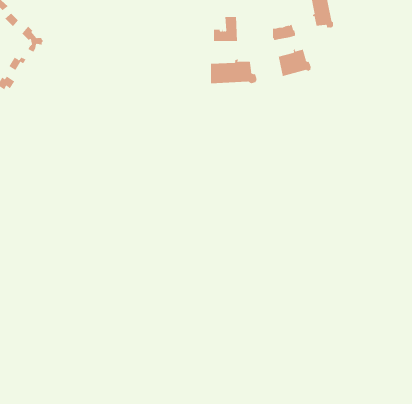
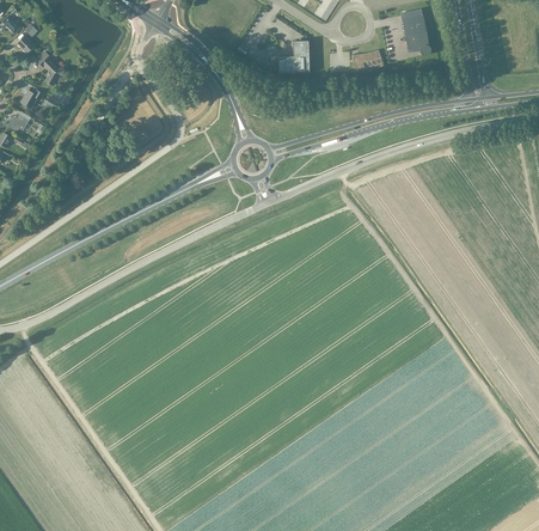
building: [278,48,311,77] -> none
building: [210,59,257,84] -> none

